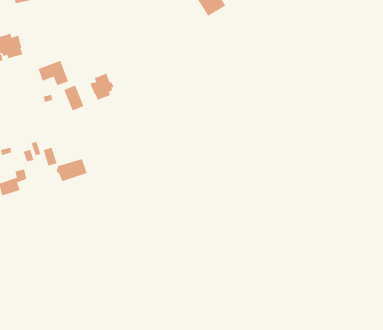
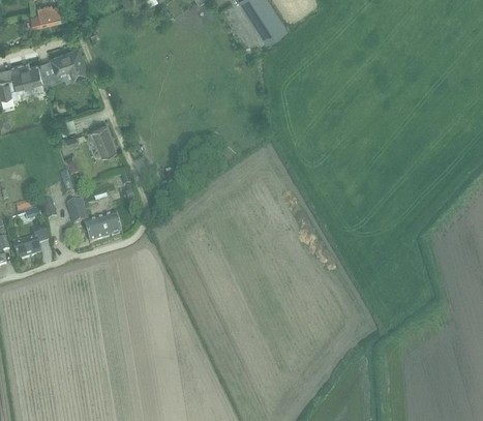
building: [38,60,69,86] -> [50,48,87,79]
building: [90,73,114,101] -> none

